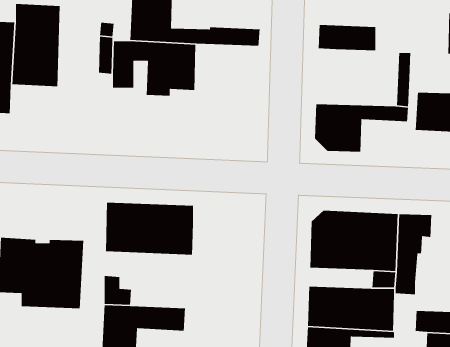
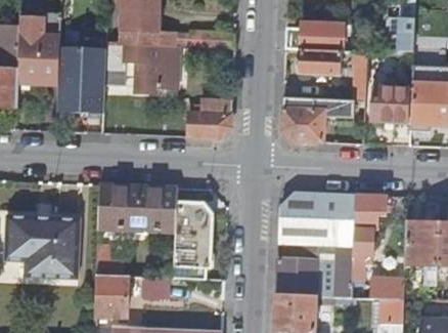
building: none -> [299,50,341,75]
building: none -> [66,68,104,111]
building: none -> [187,97,231,136]
building: none -> [173,202,212,278]

